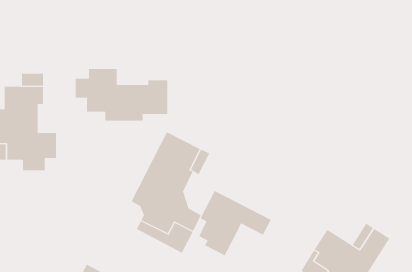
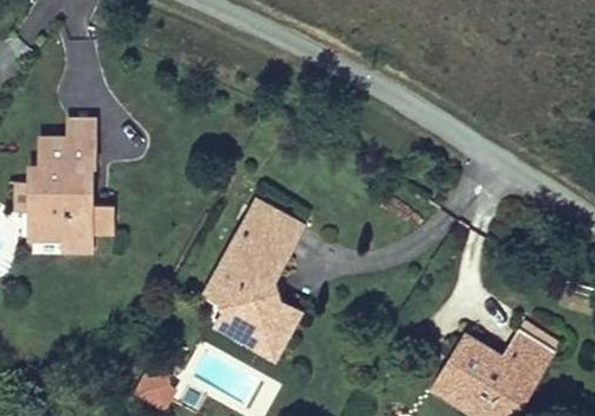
building: [75,68,168,122] -> none
building: [198,190,271,256] -> none

